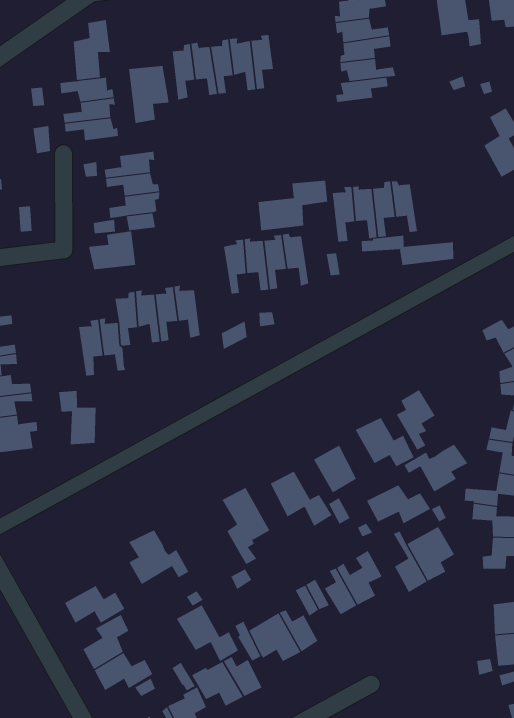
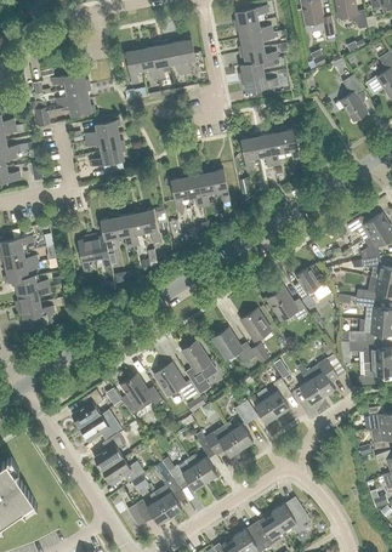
building: [73,19,110,81] -> none
building: [129,65,169,124] -> none
building: none -> [239,74,278,97]
building: [258,180,328,231] -> none
building: [89,230,136,270] -> none
building: [361,235,454,266] -> none
building: [58,390,96,445] -> none
building: [403,444,468,492] -> none
building: [366,484,431,524] -> none
building: none -> [72,389,103,427]
building: [176,604,239,662] -> [154,363,198,400]

